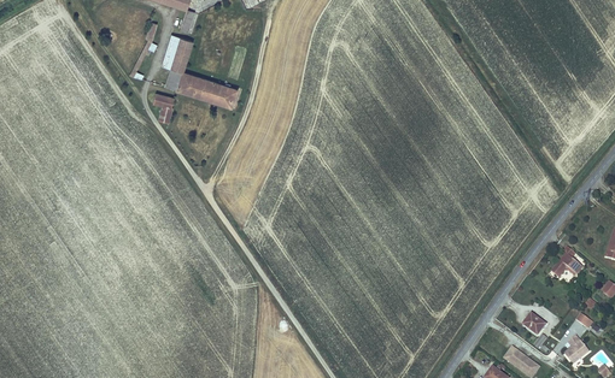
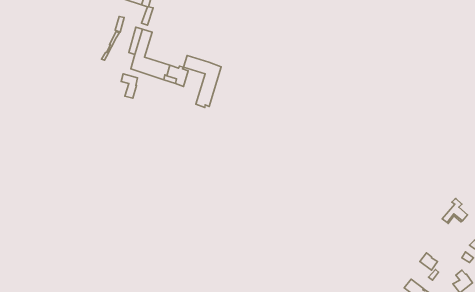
building: none -> [183,55,221,107]

